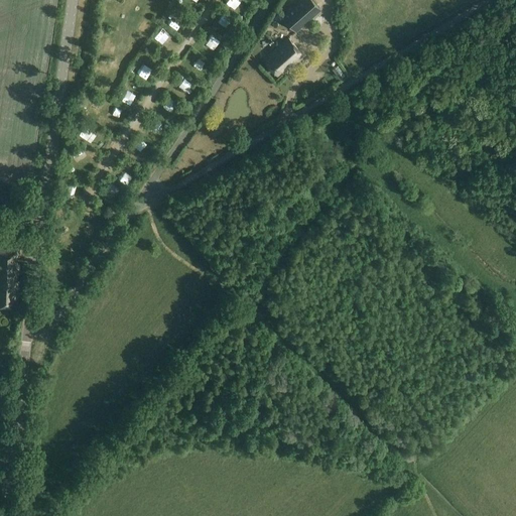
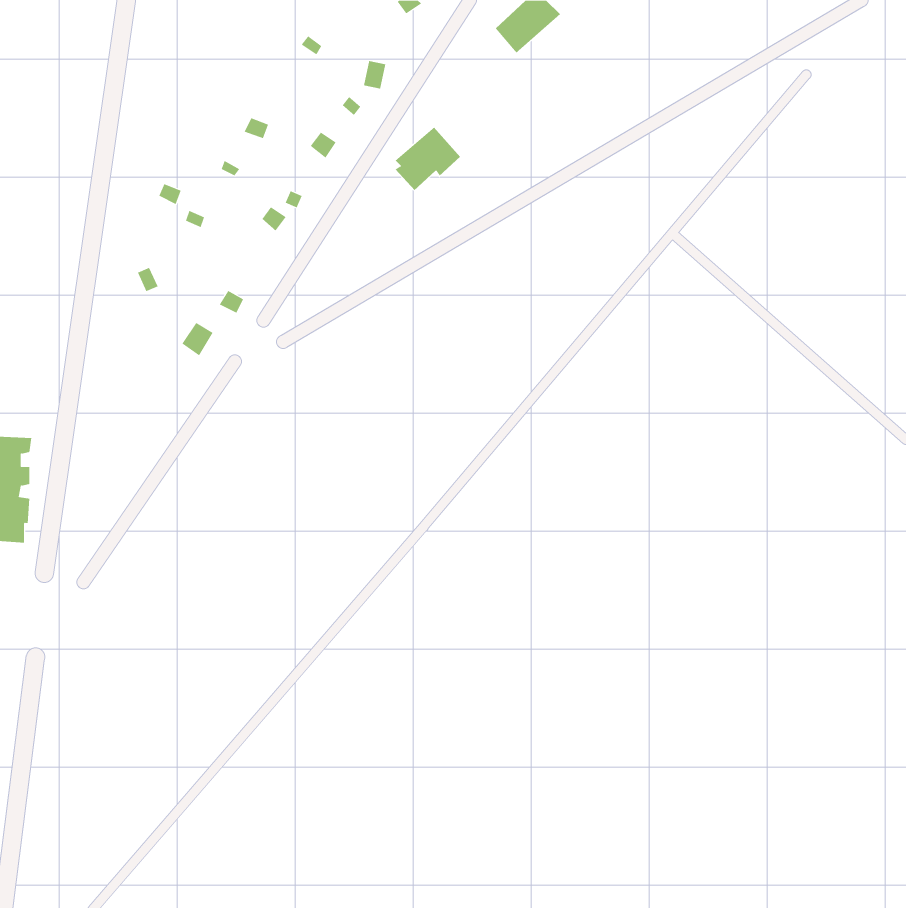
building: [264,39,301,76] -> [395,127,461,191]

